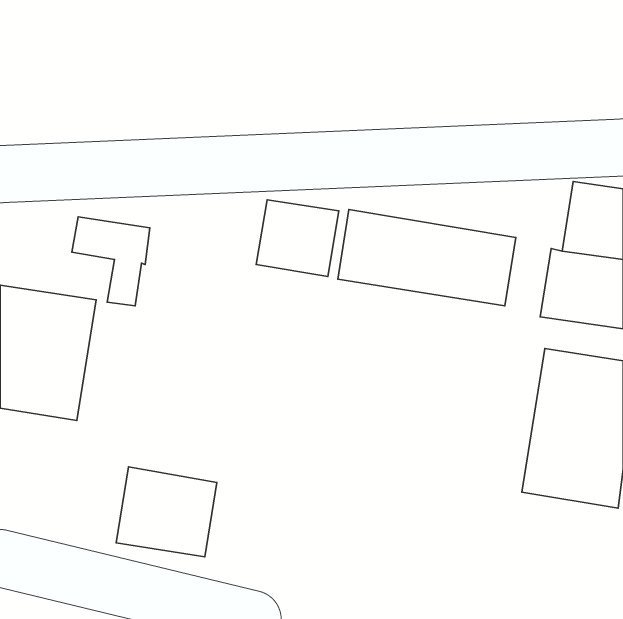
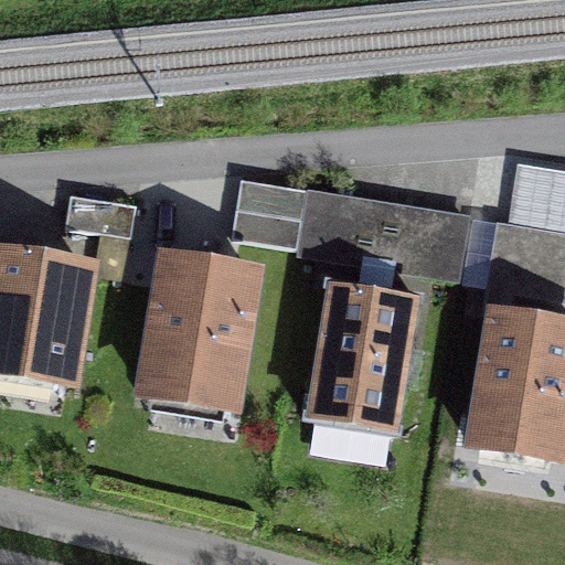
building: none -> [146,263,254,407]
building: none -> [308,287,418,435]
building: [116,467,217,557] -> none

